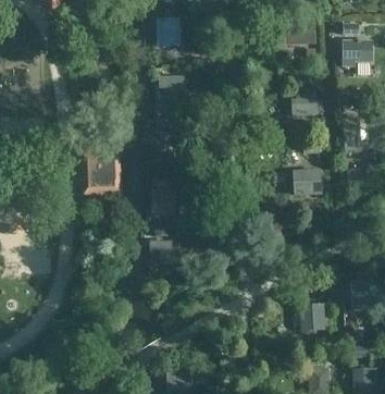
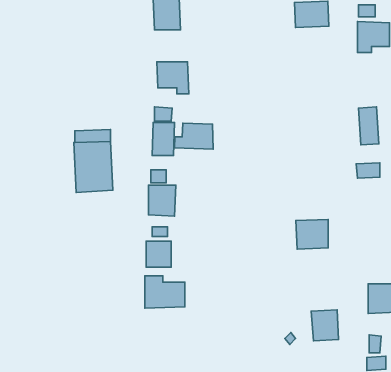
building: [291,94,320,116] -> none
building: none -> [174,123,213,149]
building: [293,169,322,196] -> [296,219,328,249]
building: none -> [145,276,185,308]

